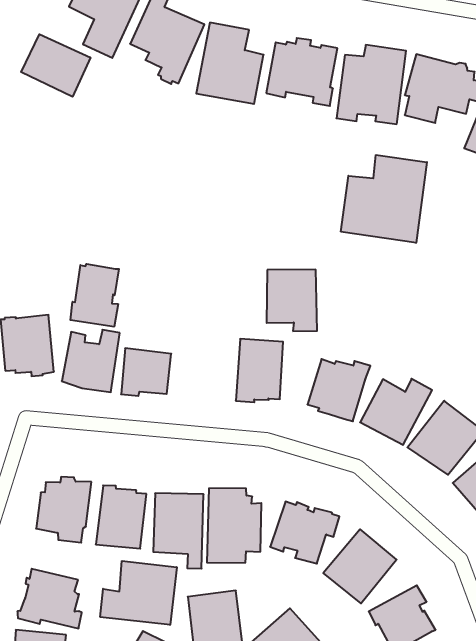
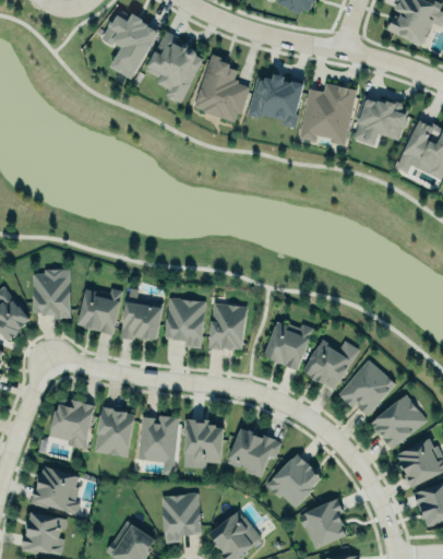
building: [21,34,90,97] -> none
building: [341,155,427,243] -> none
building: [70,264,119,327] -> none
building: [267,270,317,331] -> [165,299,205,348]
building: [100,561,177,625] -> none

